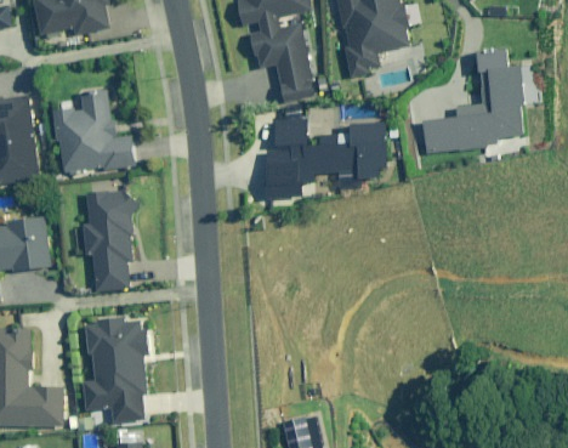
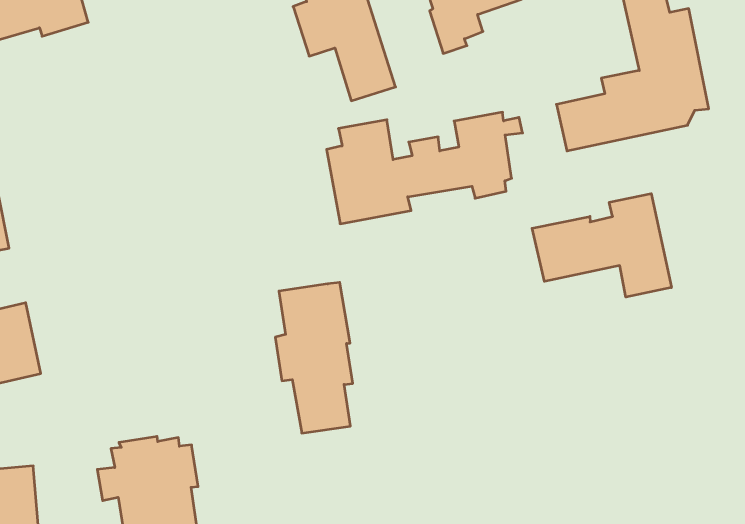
building: [51,91,134,172] -> none
building: none -> [532,194,671,297]
building: [83,191,134,291] -> [275,282,353,433]

